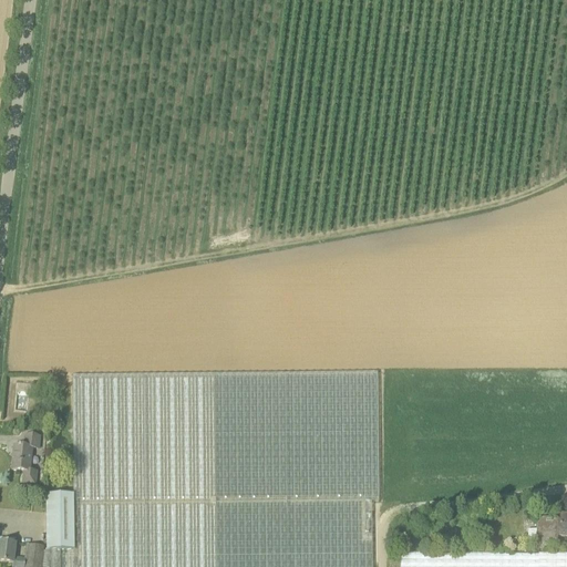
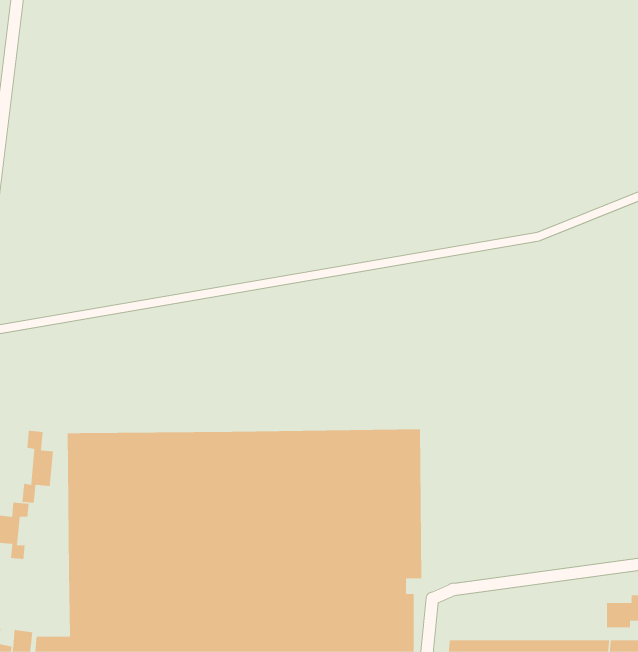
building: none -> [22,430,54,504]
building: [47,492,76,547] -> none

